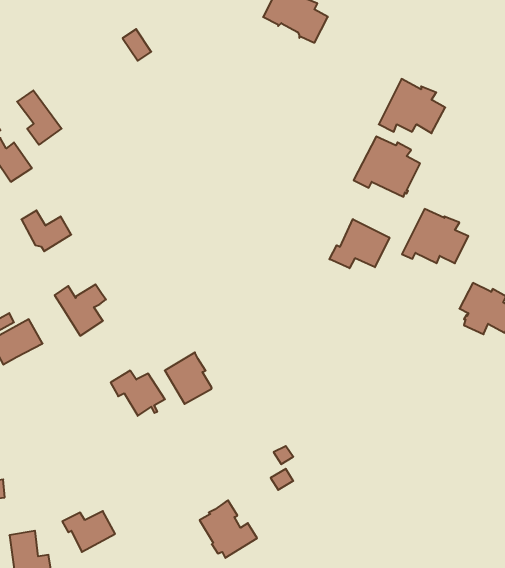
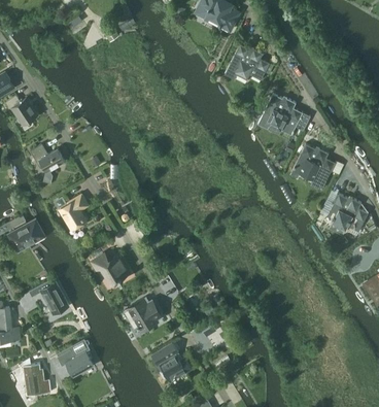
building: [379,79,445,133] -> [225,43,270,80]
building: [17,90,62,145] -> none
building: [329,219,389,268] -> none
building: [165,352,212,404] -> [127,297,159,332]
building: none -> [29,280,70,314]

